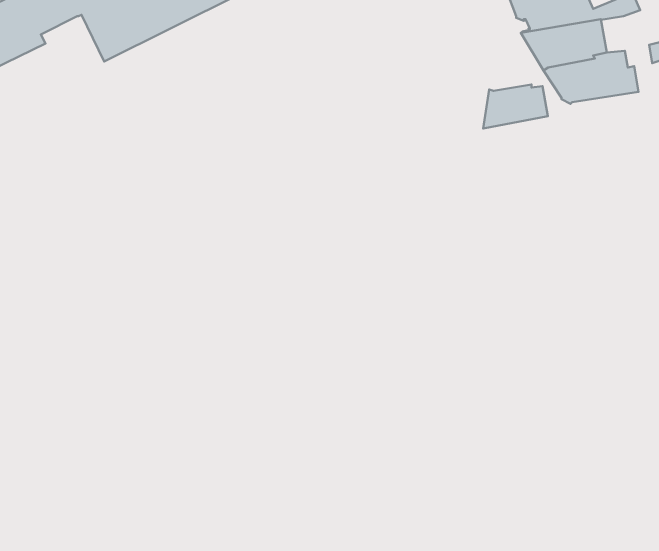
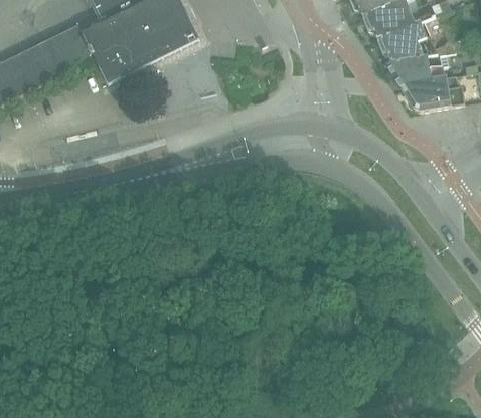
building: [483,85,548,128] -> none

